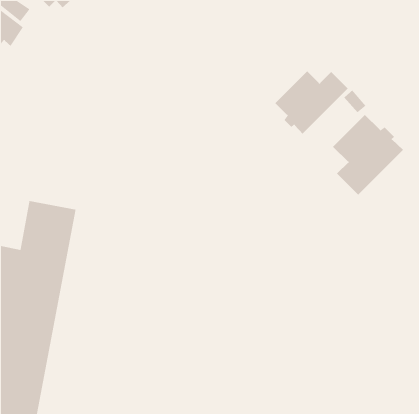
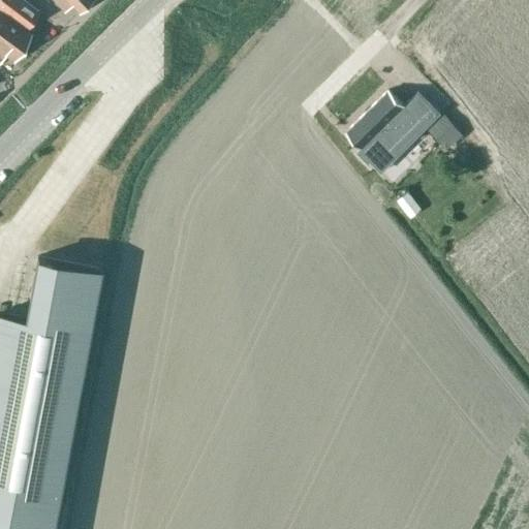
building: [332,114,404,195] -> none

